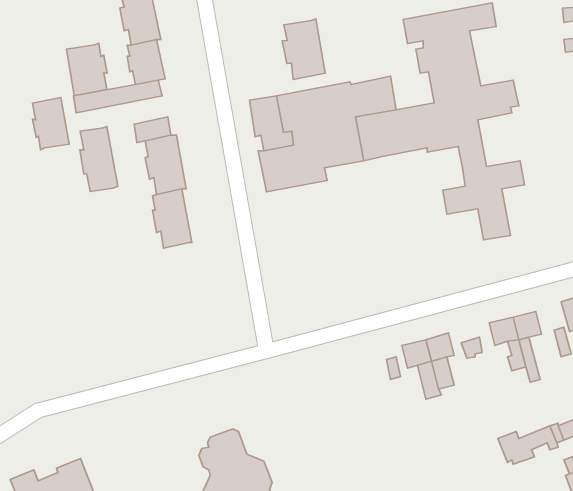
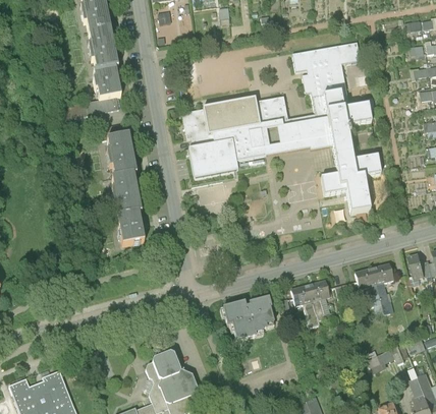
building: [282,19,325,79] -> none
building: [66,43,107,96] -> none
building: [32,98,69,150] -> none
building: [80,126,118,192] -> none
building: none -> [117,214,144,246]
building: none -> [224,296,275,339]

